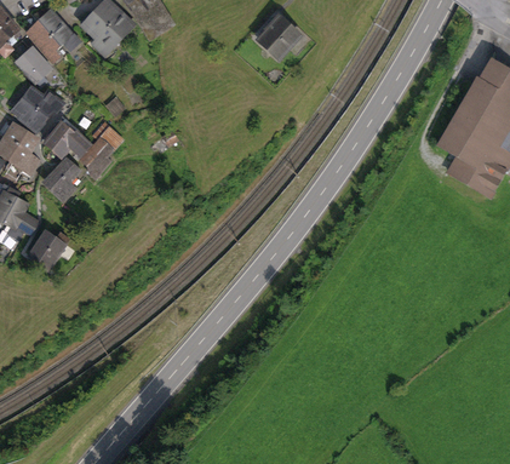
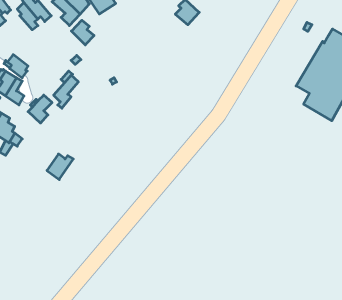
building: none -> [71,20,94,45]
building: [18,48,51,86] -> none
building: [23,88,63,115] -> none
building: [45,119,90,156] -> none
building: [29,230,68,268] -> [47,154,73,180]

